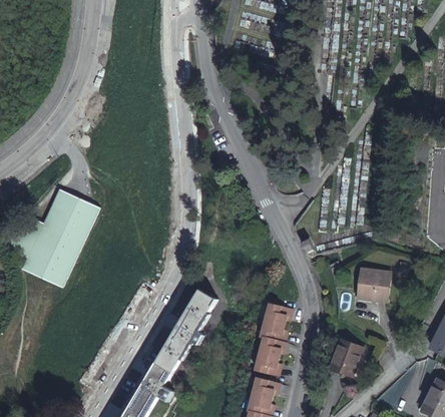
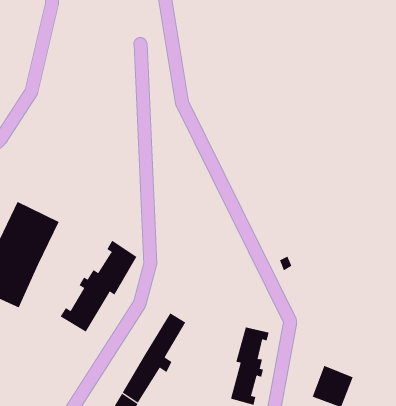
building: none -> [60,240,137,332]
building: [360,268,389,302] -> none

